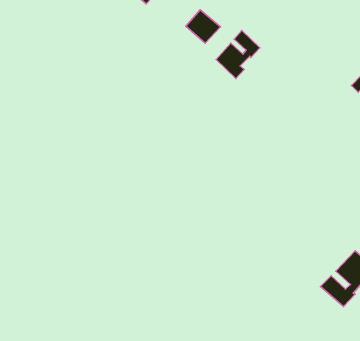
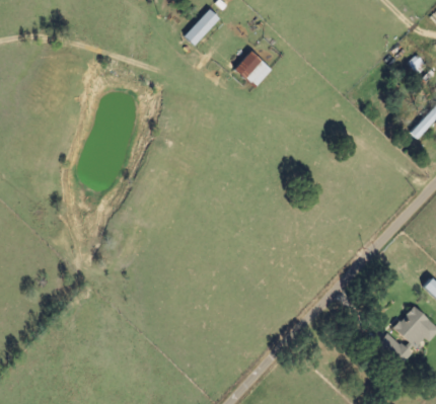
building: [216,30,260,78] -> none

